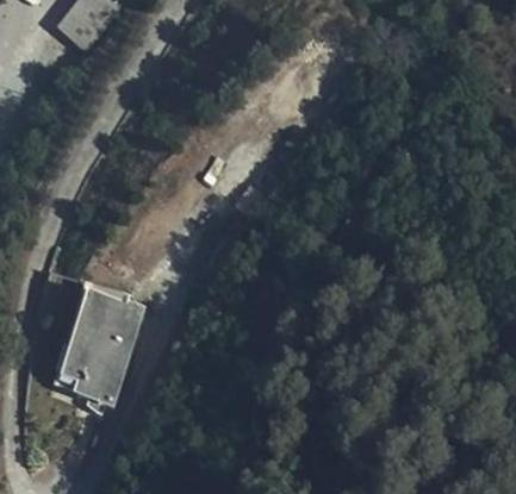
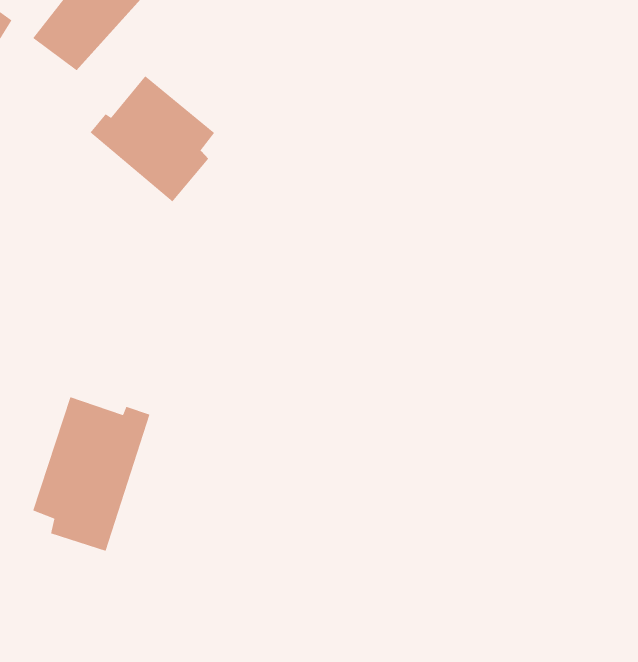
building: none -> [89,75,215,202]

